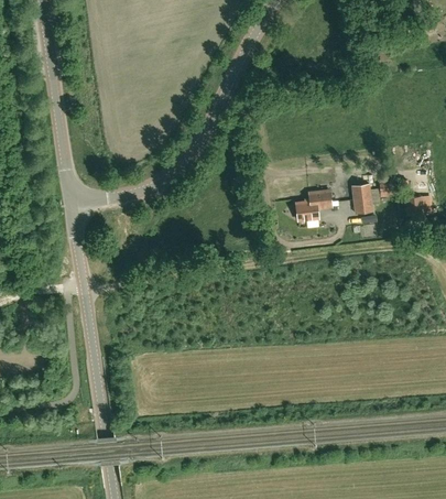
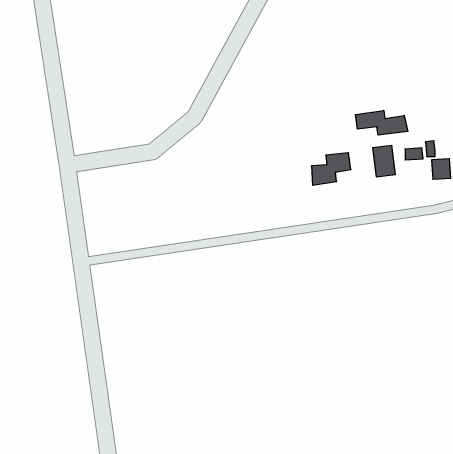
building: none -> [356,110,408,135]

